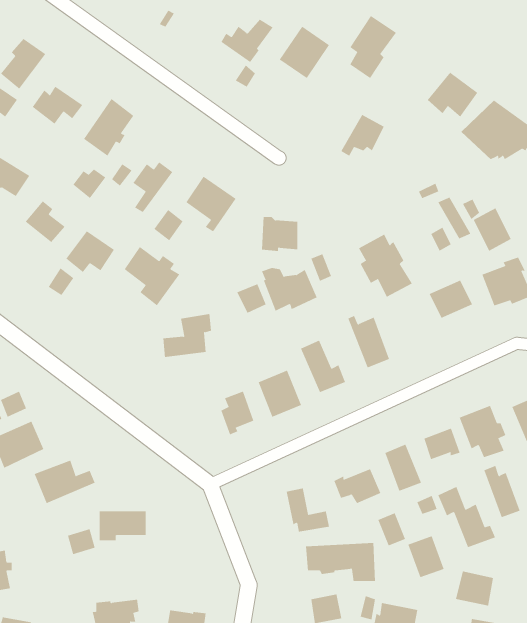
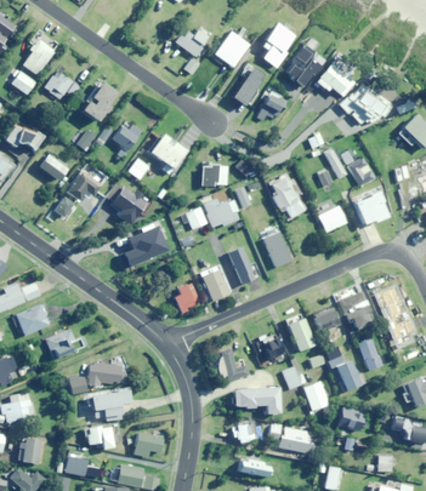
building: none -> [288,46,322,87]
building: none -> [233,68,265,105]
building: none -> [85,389,132,422]

